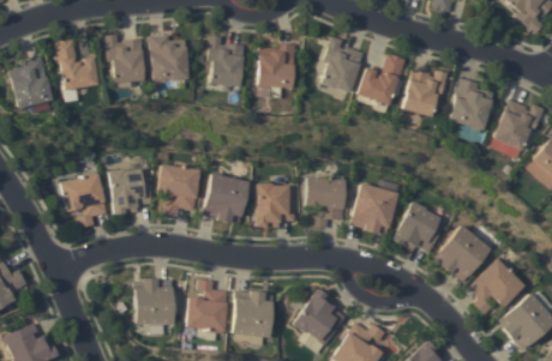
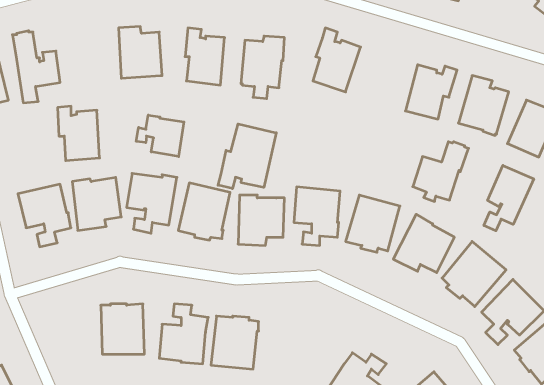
building: [106,35,143,83] -> [58,106,100,161]
building: [356,54,406,107] -> [413,142,469,201]
building: none -> [136,115,184,157]
building: none -> [218,124,276,189]
building: none -> [484,165,534,231]
building: [292,289,344,344] -> none

